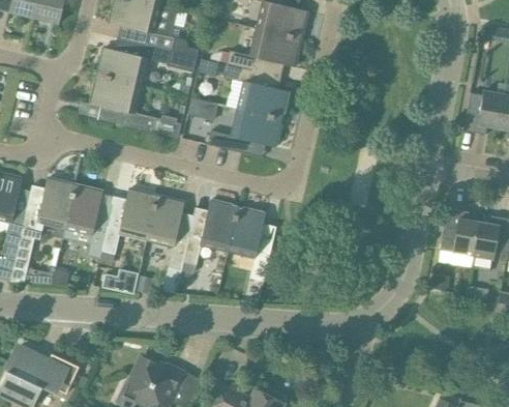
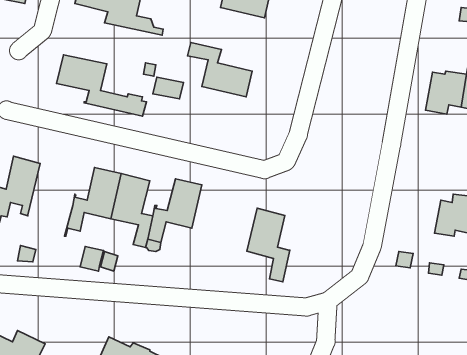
building: [226,27,300,69] -> none
building: [97,42,197,84] -> none
building: [207,107,281,152] -> none
building: [61,184,107,258] -> none
building: [227,206,270,281] -> [247,208,290,282]
building: [439,207,478,255] -> none

